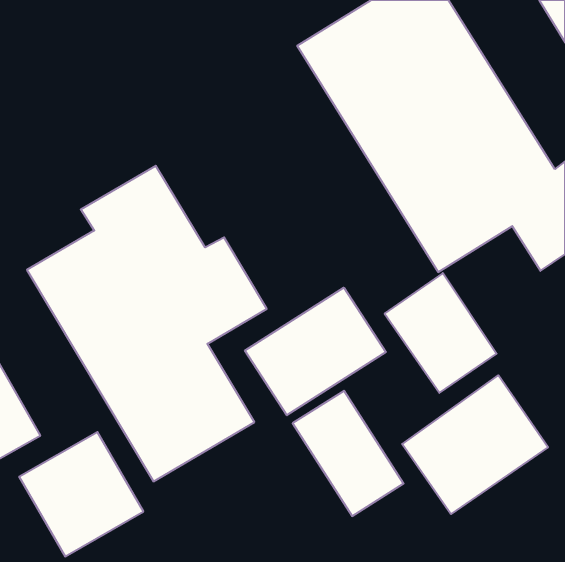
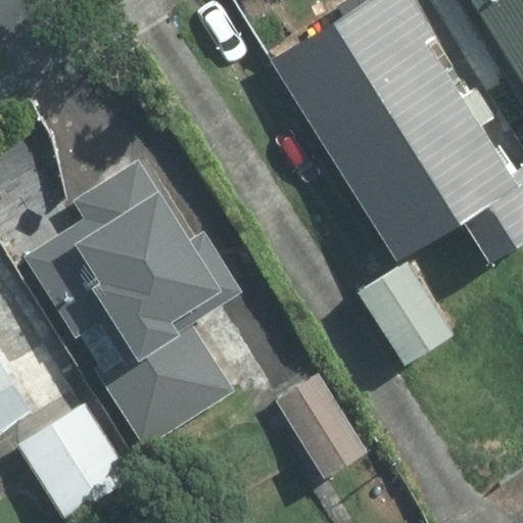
building: [245,288,386,415] -> none
building: [402,375,548,514] -> none

